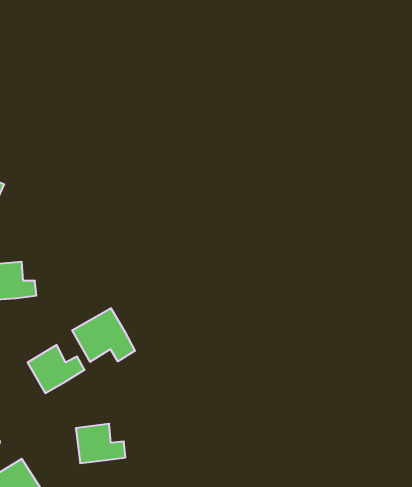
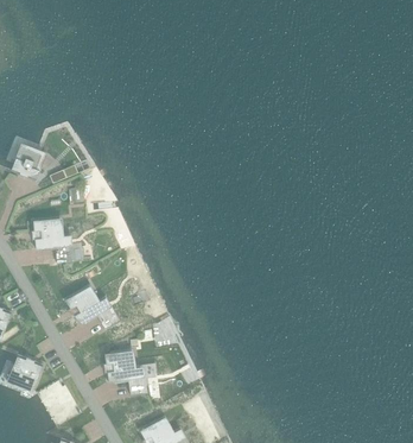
building: [72,308,135,362] -> none

